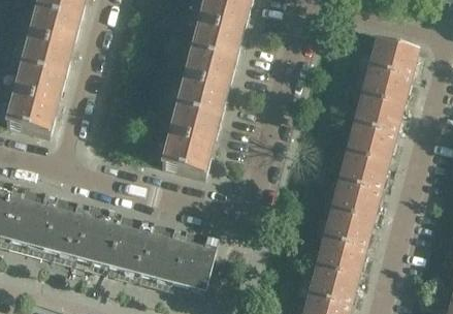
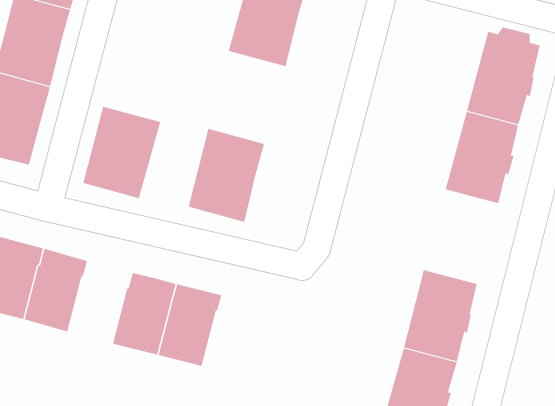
building: [175,55,232,122] -> [83,106,161,199]
building: [331,155,386,223] -> none
building: [74,207,121,266] -> none
building: [171,231,218,292] -> none

